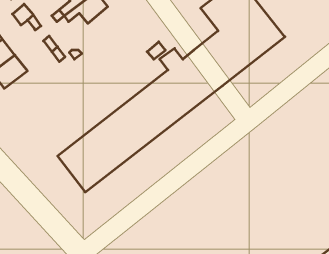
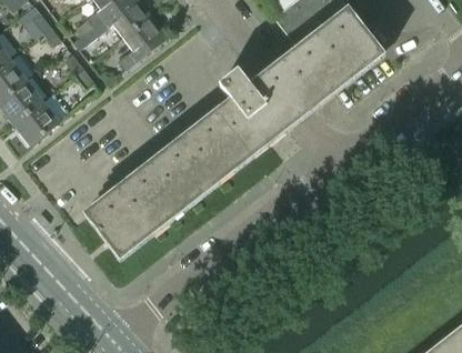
building: none -> [117,13,165,68]
building: none -> [11,99,59,143]

